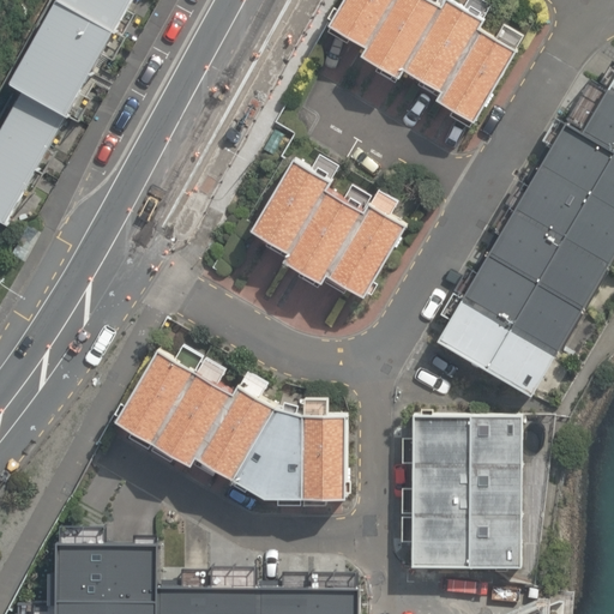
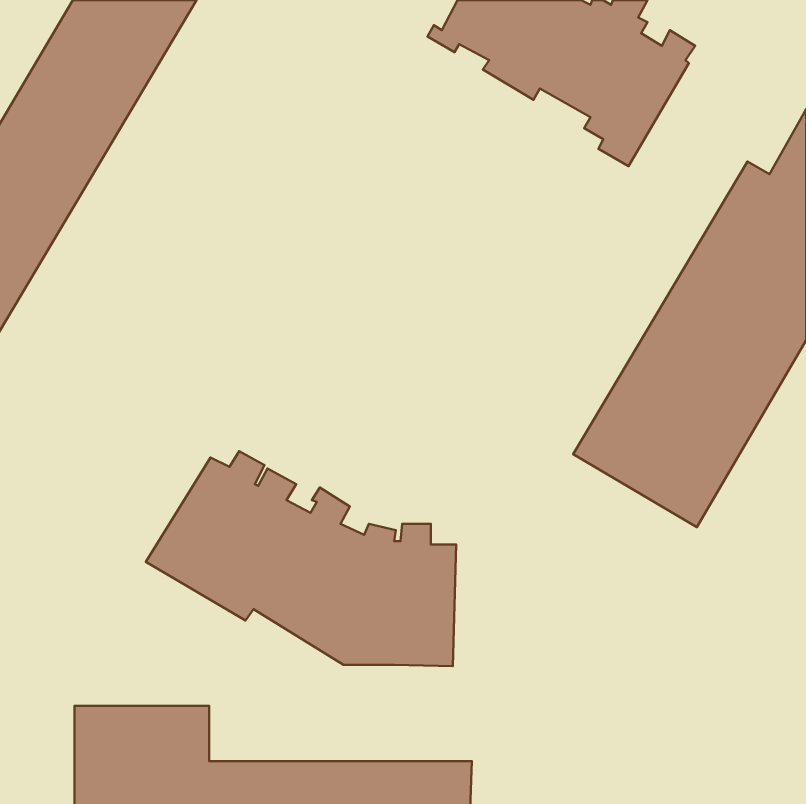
building: [237,152,401,290] -> none
building: [409,415,516,565] -> none

